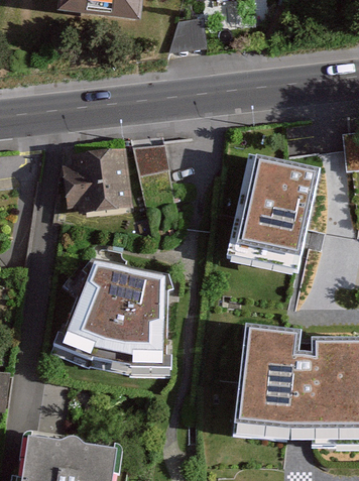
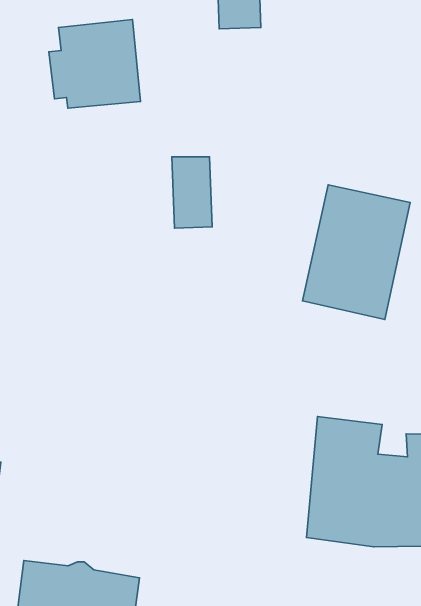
building: [64,146,132,213] -> [49,19,141,108]
building: [63,268,163,368] -> none

